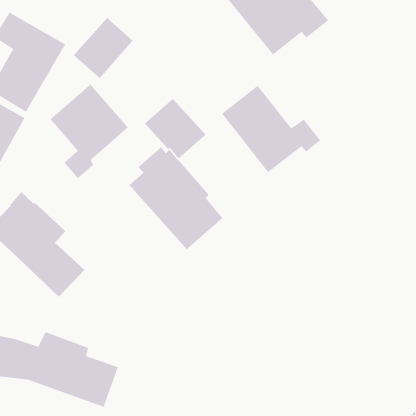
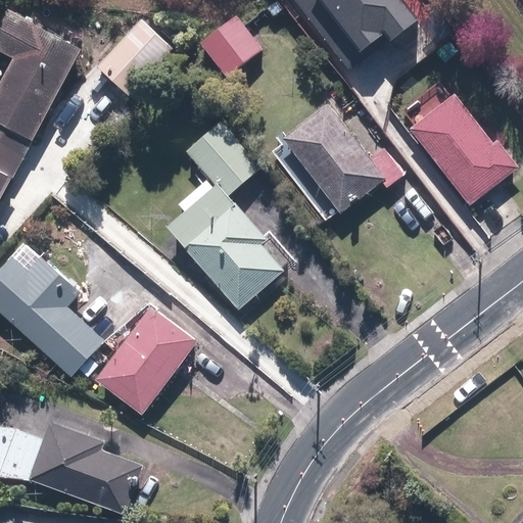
building: none -> [194,17,257,80]
building: none -> [403,96,513,208]
building: [49,83,129,179] -> none
building: none -> [100,298,203,409]

